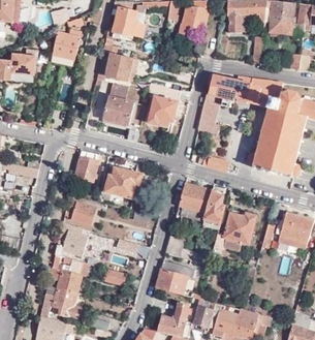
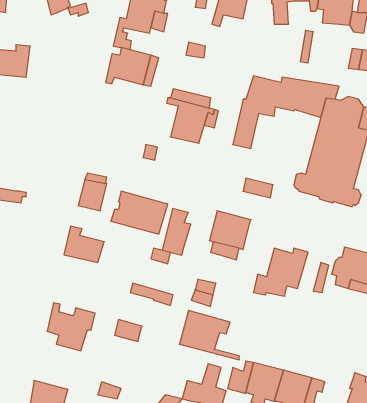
building: [51,30,81,60] -> none
building: [104,84,133,125] -> none
building: [202,192,225,229] -> [162,209,191,255]
building: [55,224,87,256] -> none
building: [40,286,80,319] -> none

